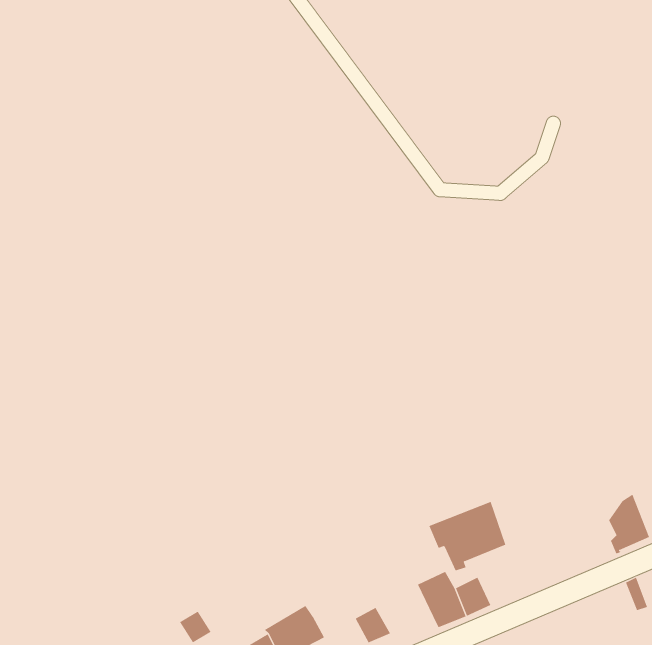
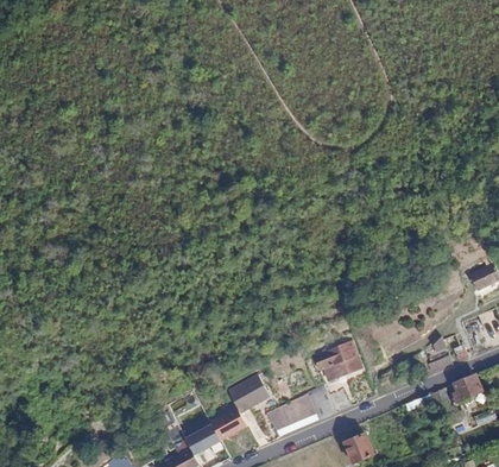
building: none -> [227,373,270,412]
building: none -> [279,392,315,423]

